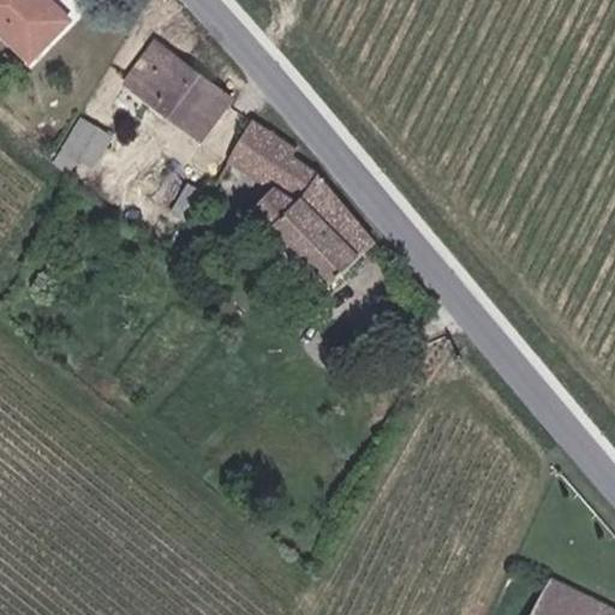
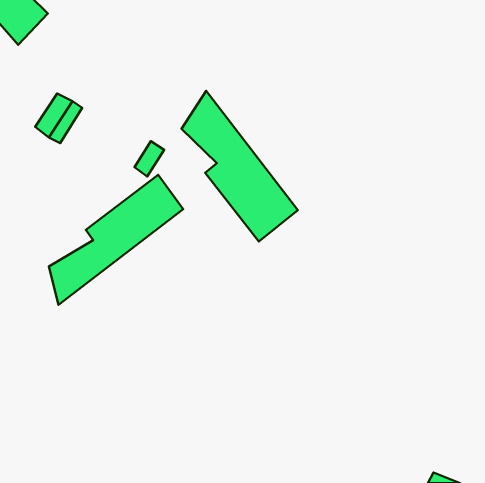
building: [127,52,231,138] -> none
building: none -> [49,175,183,305]

